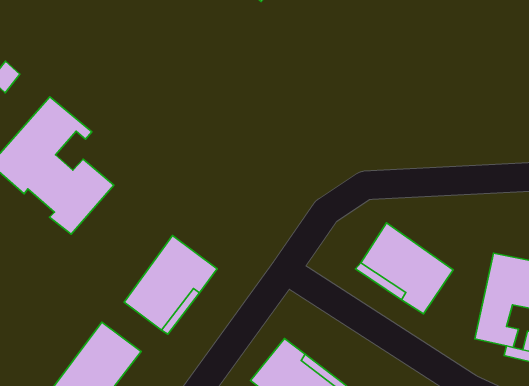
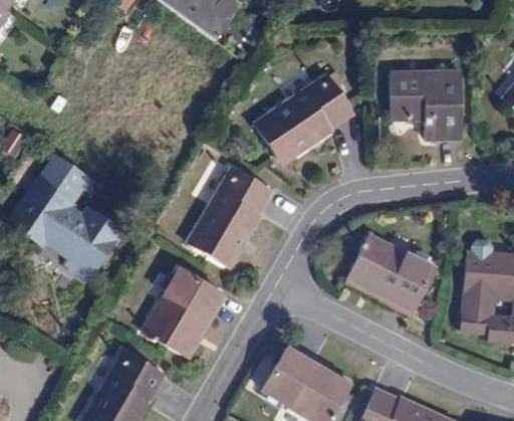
building: none -> [256,74,352,159]
building: none -> [391,71,461,138]
building: none -> [190,168,271,264]

